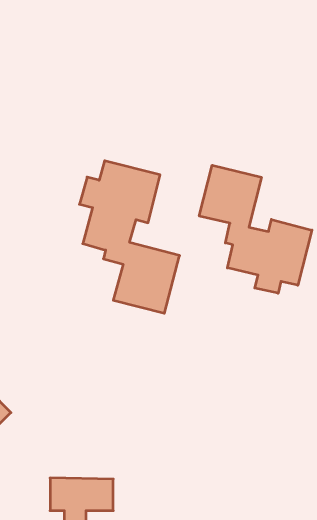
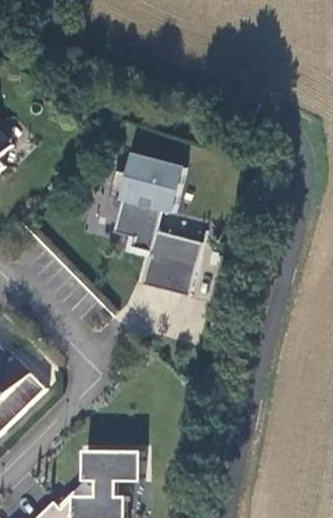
building: [199,165,312,293] -> none

